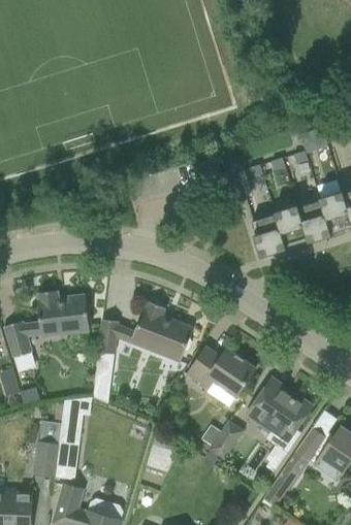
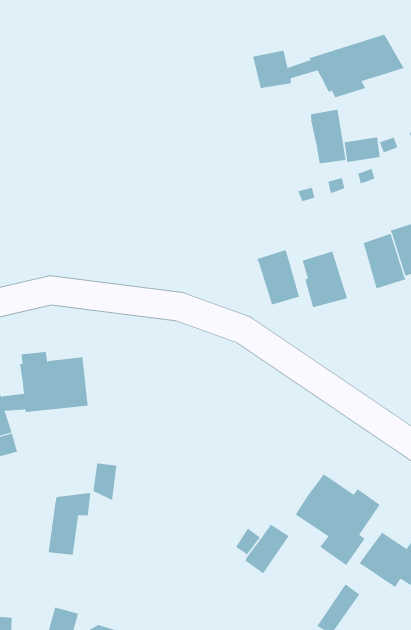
building: none -> [252,34,405,98]
building: none -> [311,109,346,164]
building: [275,204,308,247] -> [256,249,300,305]
building: [98,301,194,362] -> none
building: [188,347,256,396] -> none
building: [33,405,64,478] -> none

